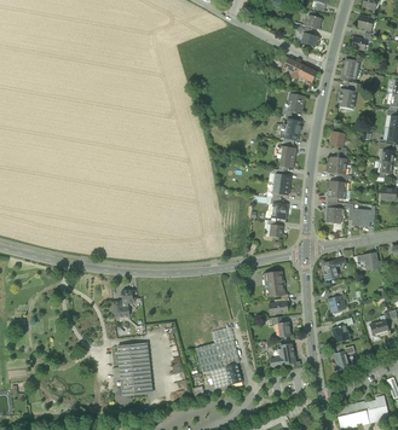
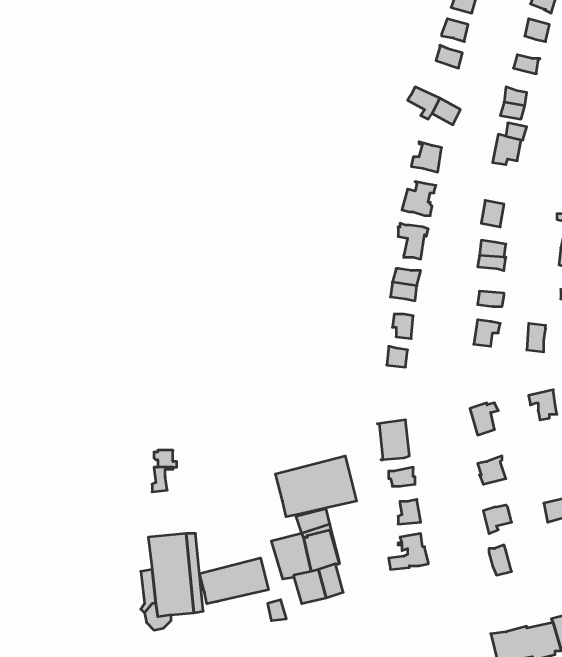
building: none -> [275,456,357,517]
building: none -> [200,558,268,604]

